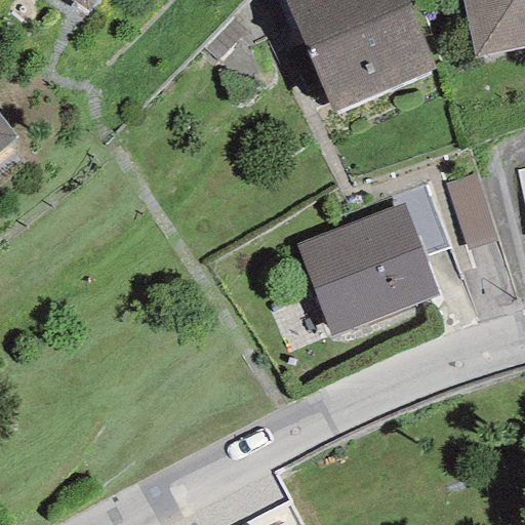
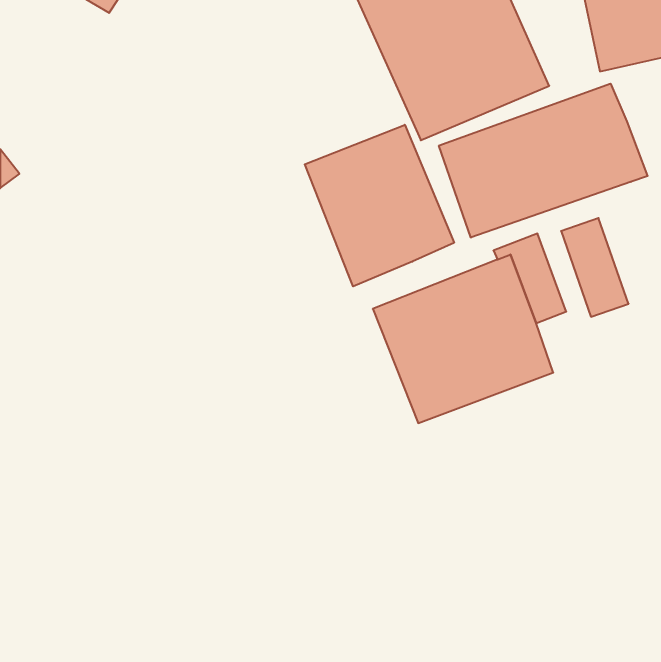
building: none -> [439,84,648,238]
building: none -> [305,125,454,286]

